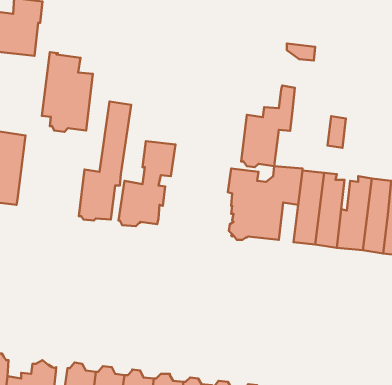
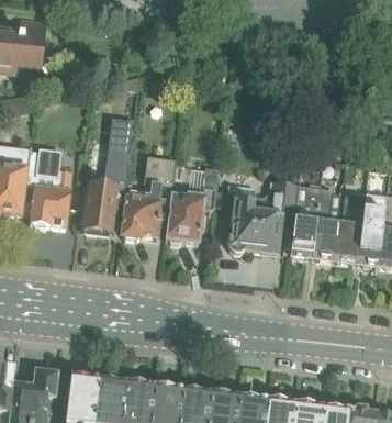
building: [42,52,93,132] -> [23,152,72,229]
building: [241,85,295,167] -> [166,166,217,245]

